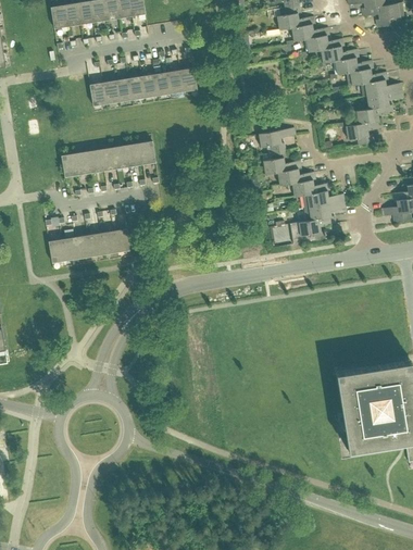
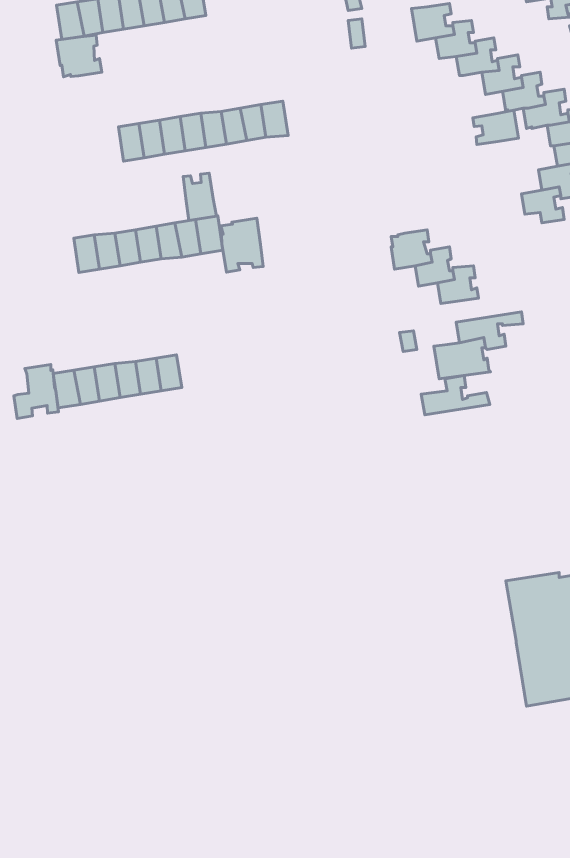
building: none -> [56,35,102,77]
building: none -> [473,110,519,144]
building: none -> [183,173,216,220]
building: [258,127,296,152] -> none
building: none -> [221,218,263,272]
building: [301,183,345,208] -> [421,375,490,415]
building: none -> [14,364,59,419]

